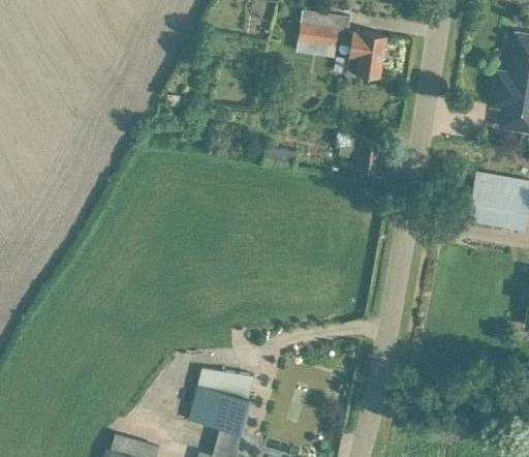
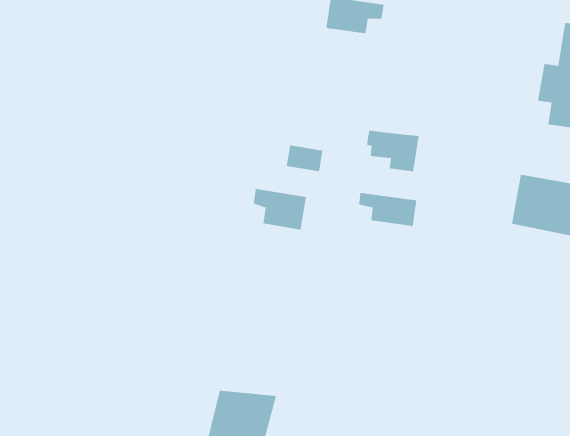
building: [347,31,387,78] -> none
building: none -> [253,188,307,230]
building: none -> [359,192,417,227]

